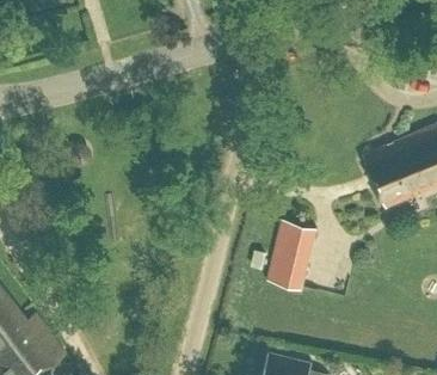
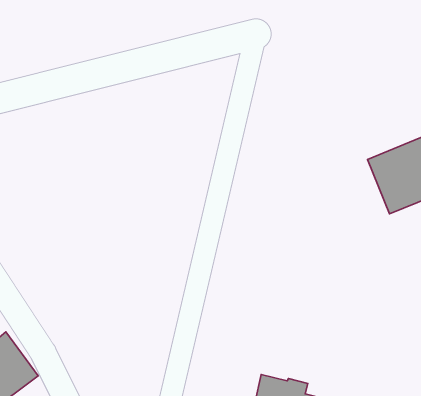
building: [266,217,316,288] -> none

